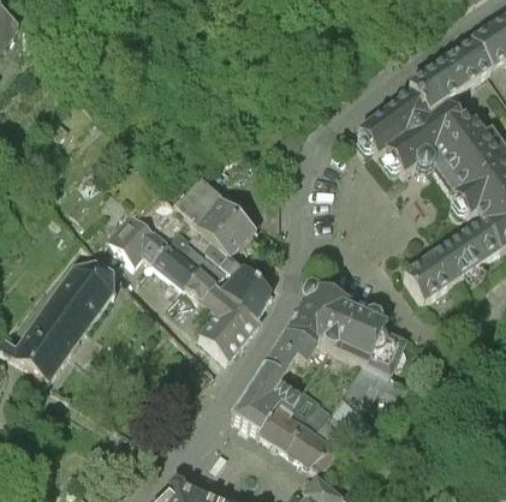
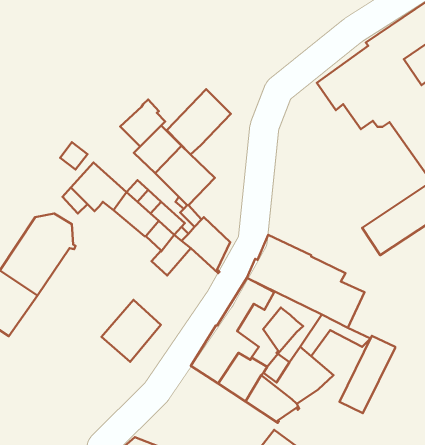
building: none -> [167,89,231,155]
building: none -> [120,100,165,147]
building: [201,291,261,353] -> [101,300,161,362]
building: none -> [263,308,303,354]
building: none -> [340,336,395,413]

